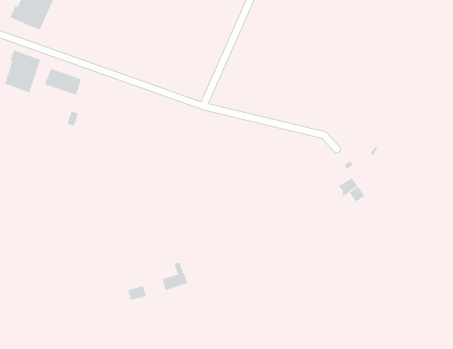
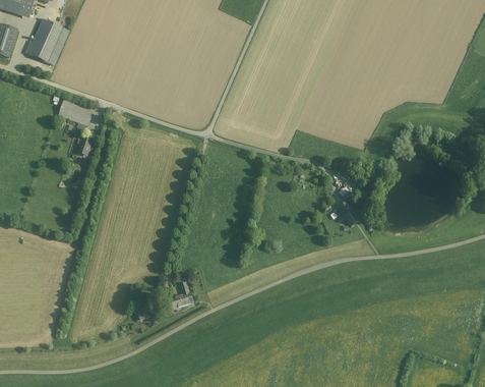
building: [4,50,41,93] -> none

